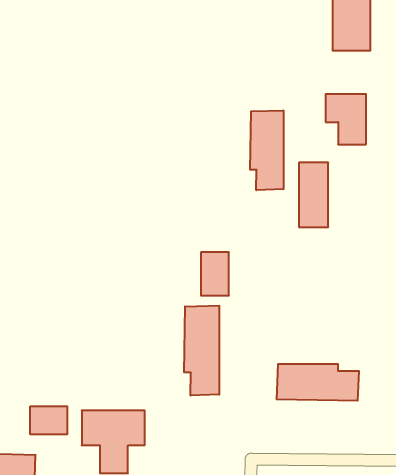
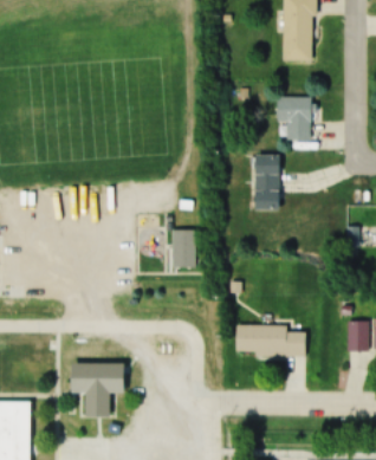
building: [250,110,283,190] -> none
building: [184,306,219,396] -> none
building: [30,406,67,434] -> none

